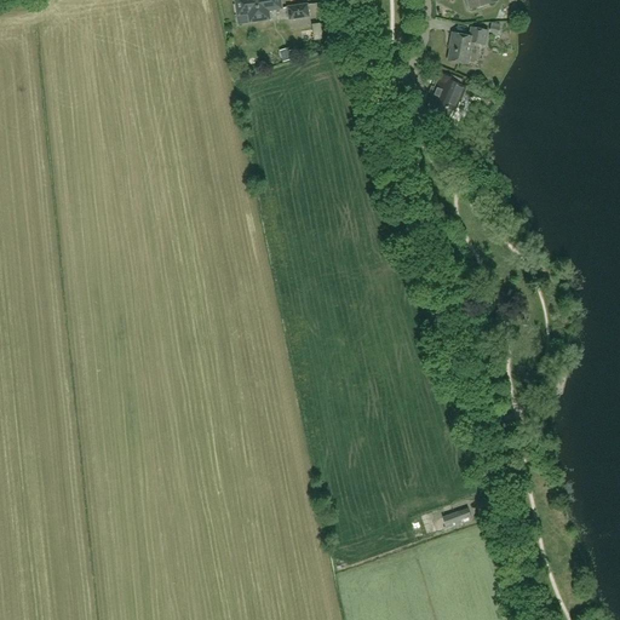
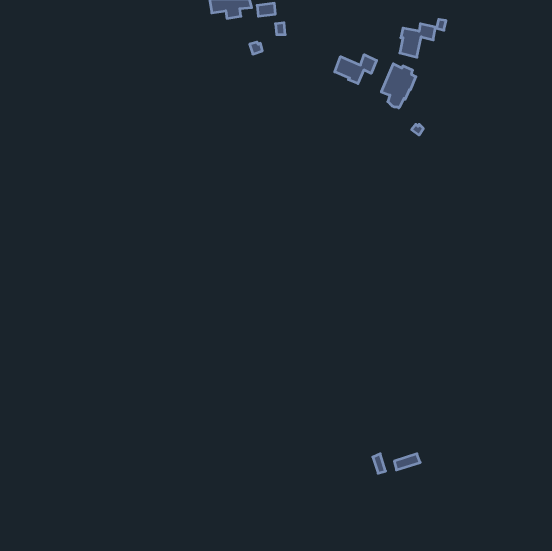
building: none -> [335,55,377,84]

